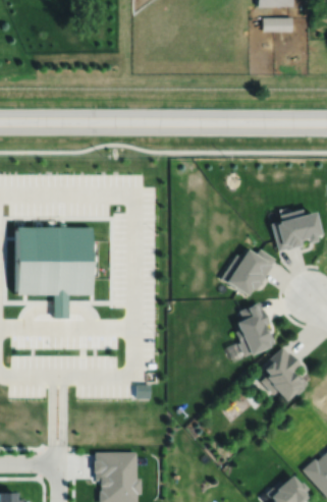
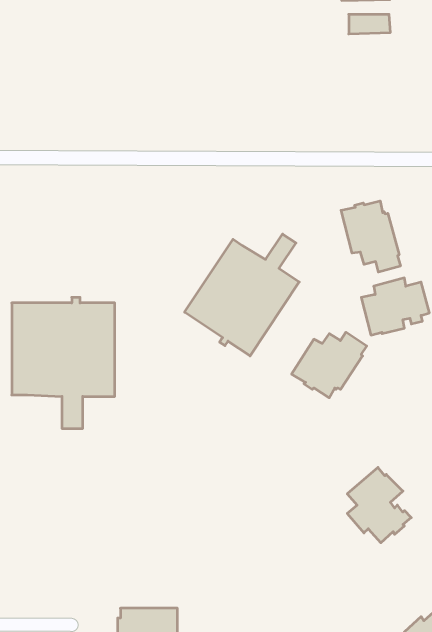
building: none -> [341,201,400,272]
building: none -> [185,234,299,356]
building: [235,303,275,357] -> none

